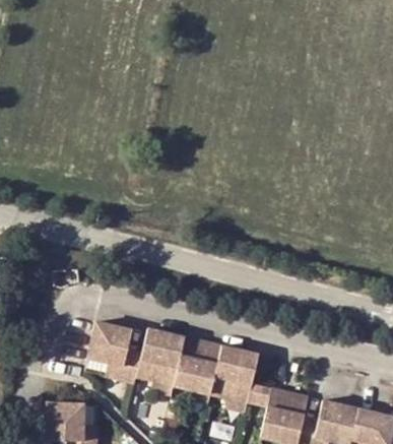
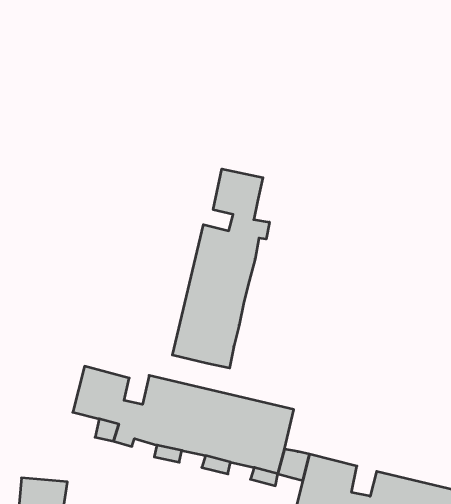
building: none -> [172,169,269,368]

